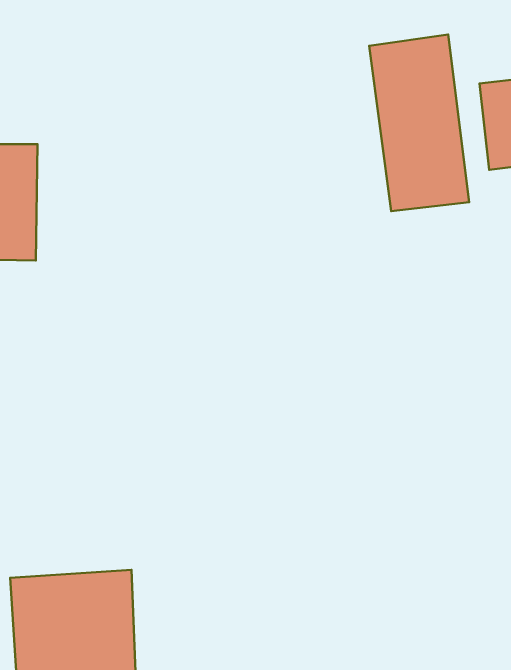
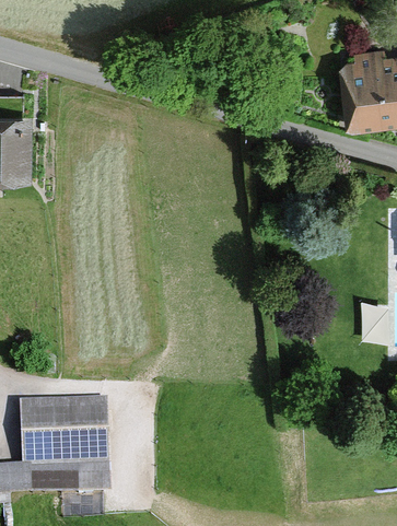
building: [369,35,469,211] -> none

